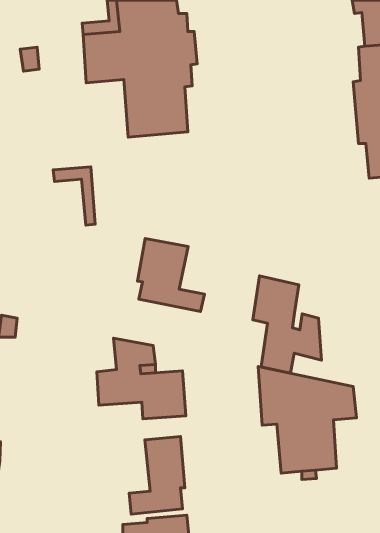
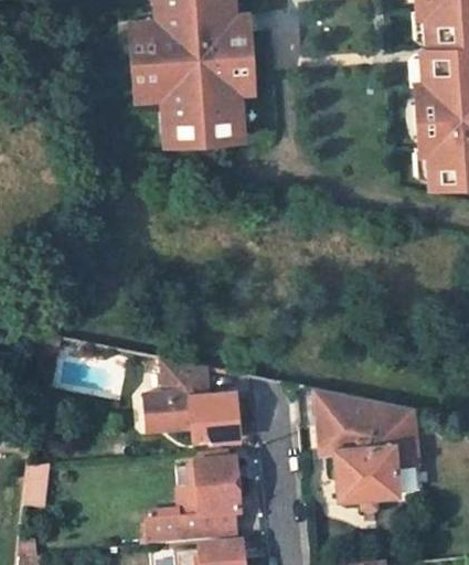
building: [53,167,95,225] -> [134,85,178,147]
building: [137,238,204,312] -> none
building: [253,276,321,373] -> none
building: none -> [145,512,181,546]

